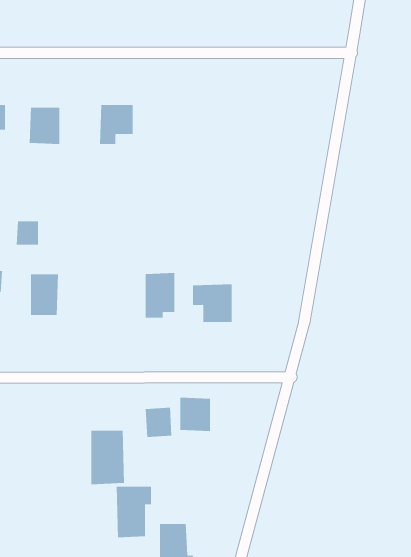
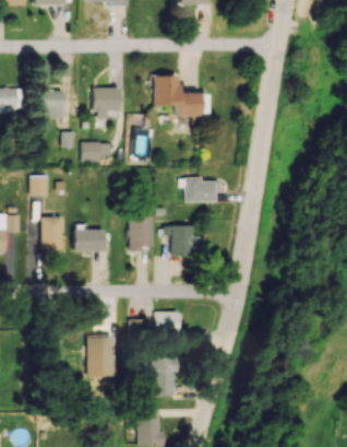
building: none -> [154,77,207,116]
building: none -> [82,142,111,162]
building: none -> [180,178,219,202]
building: none -> [74,231,104,251]
building: [116,486,152,538] -> [153,357,180,397]

